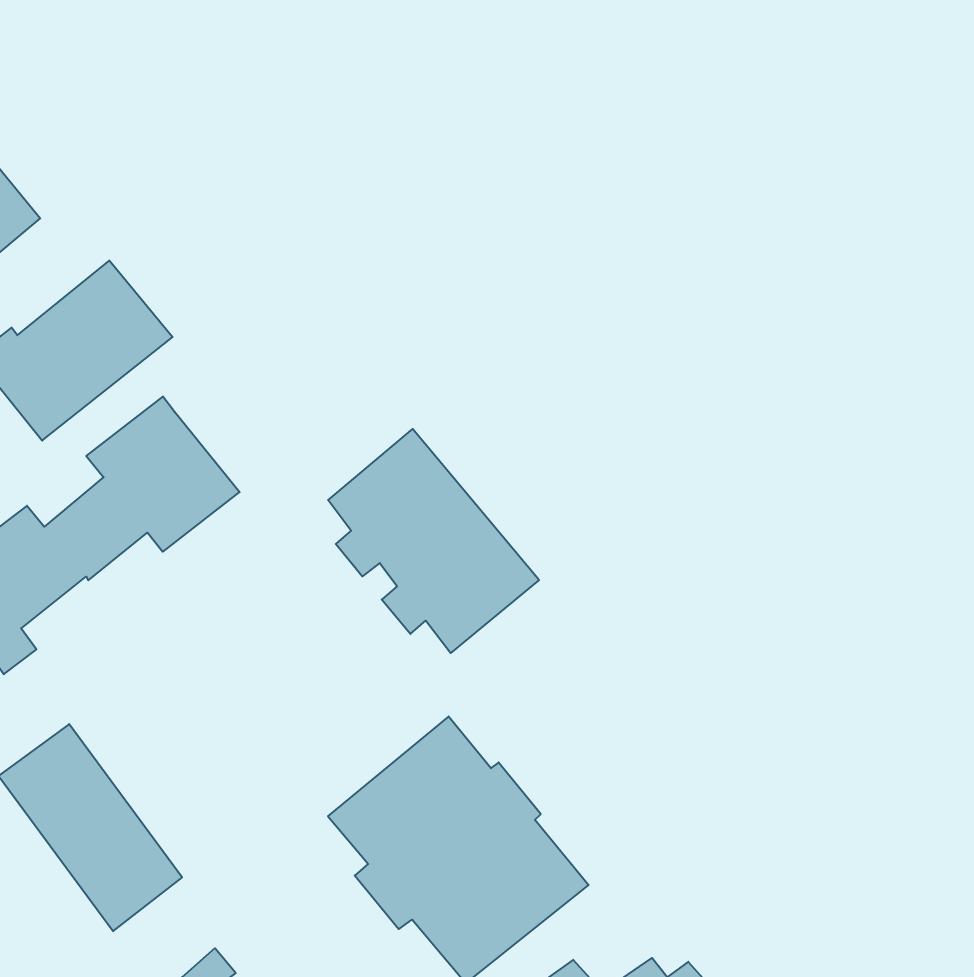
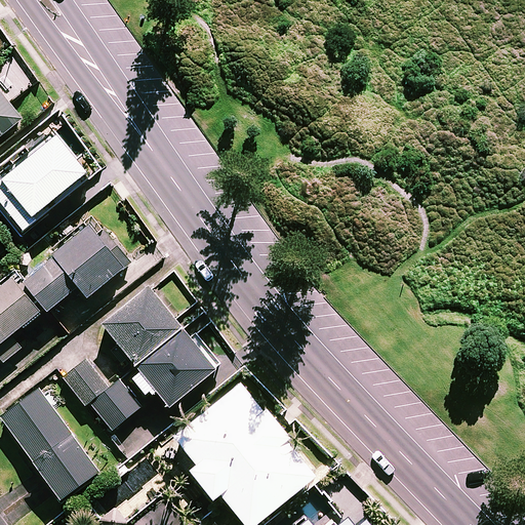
building: [328,429,539,653] -> [104,287,216,407]
building: none -> [62,360,139,431]

